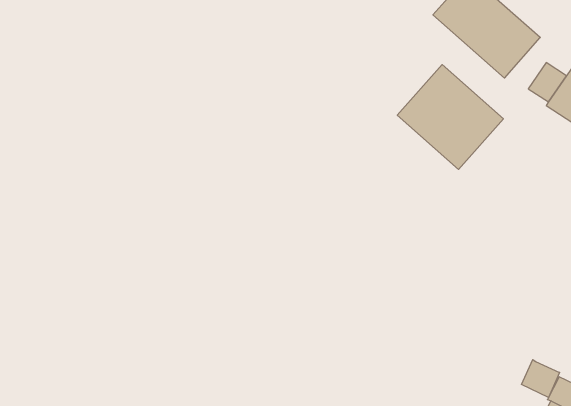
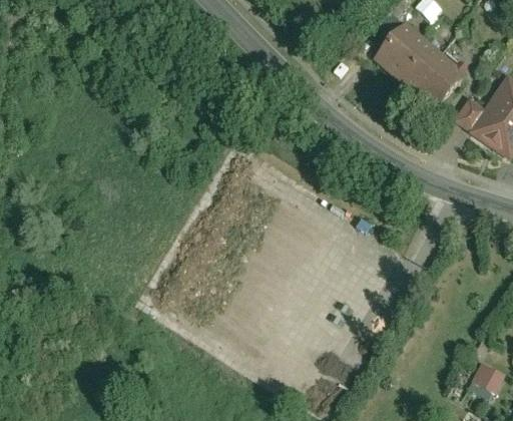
building: [397,65,503,169] -> none
building: [522,360,560,397] -> none

